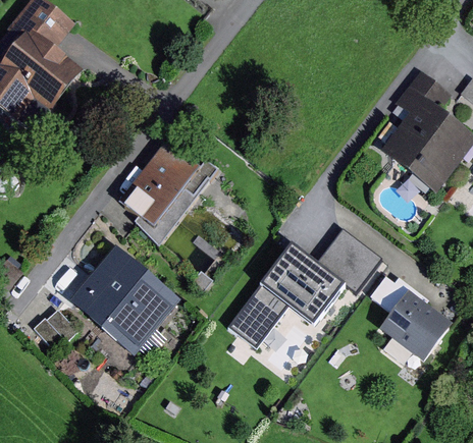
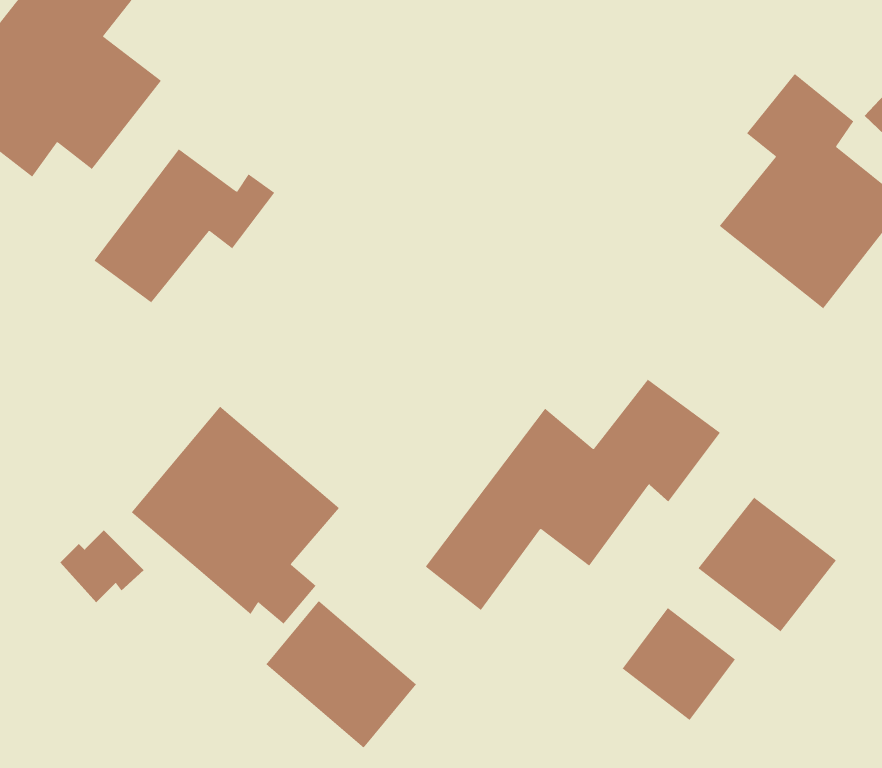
building: [122,147,218,228] -> [93,148,275,303]
building: none -> [265,600,417,748]
building: none -> [622,607,736,721]

